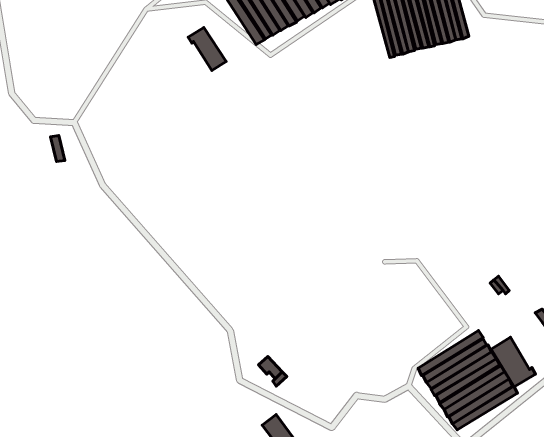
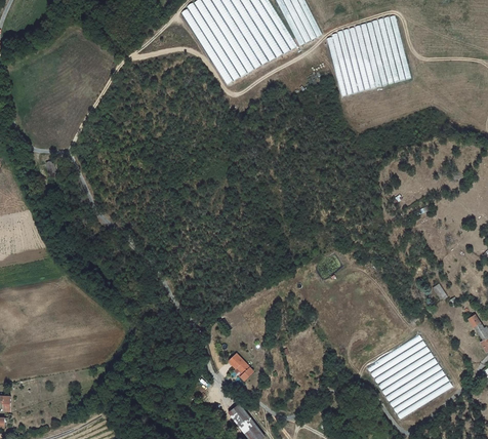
building: [188,28,226,71] -> none
building: [491,337,536,387] -> none

